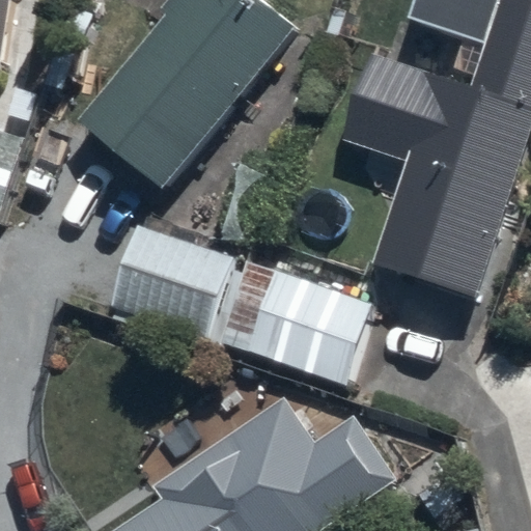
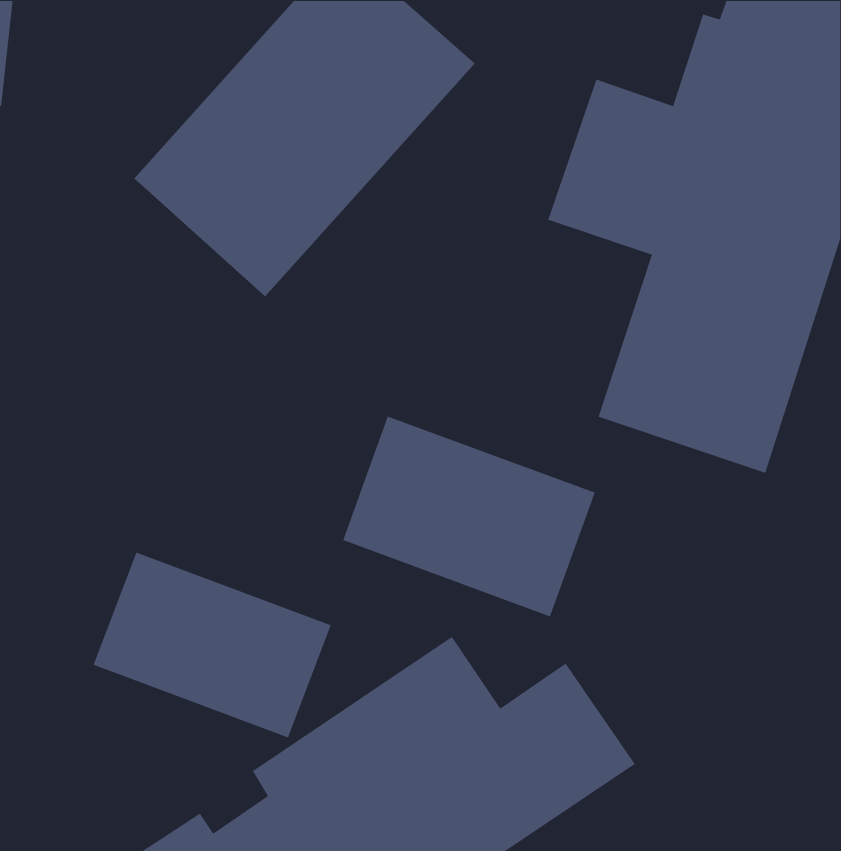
building: [107,223,230,336] -> none
building: none -> [92,552,332,738]

